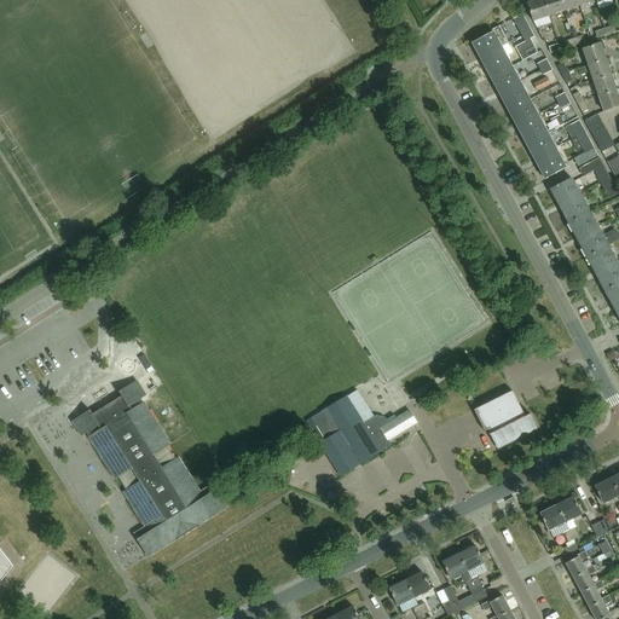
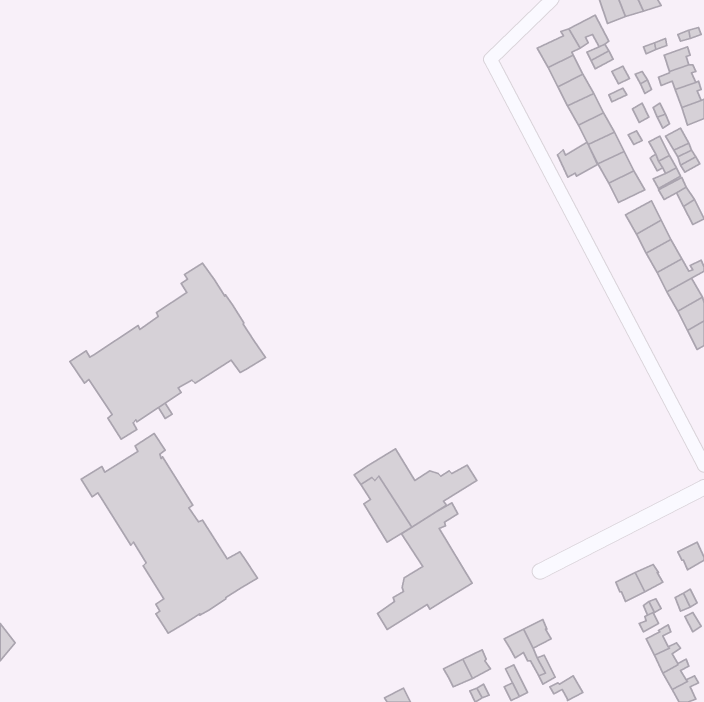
building: none -> [557,142,598,177]
building: none -> [70,263,266,439]
building: [472,391,534,449] -> none
building: none -> [377,503,472,629]

